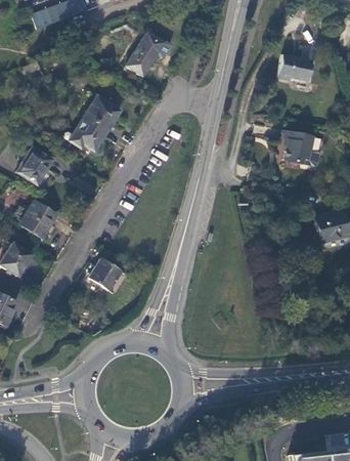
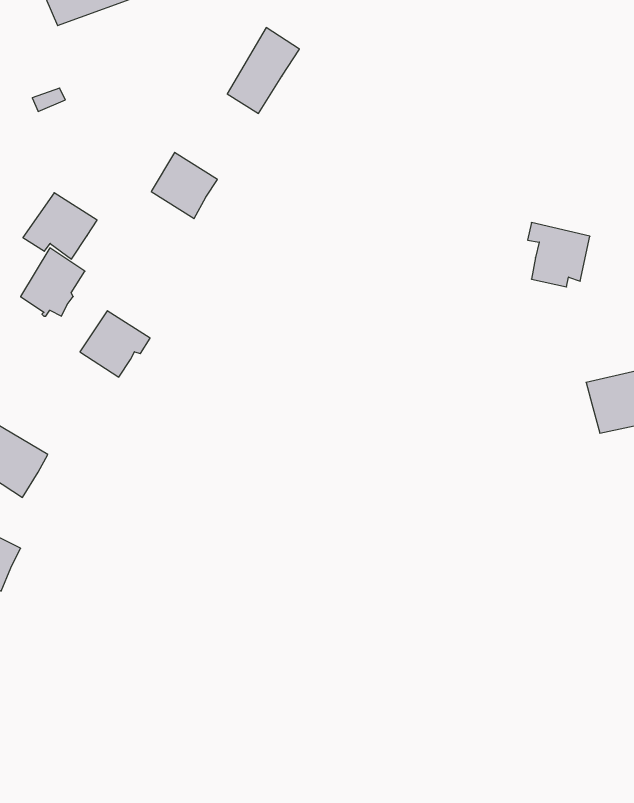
building: [276,55,312,82] -> none
building: [70,116,108,151] -> [23,193,97,259]
building: [19,201,56,236] -> [80,311,150,377]
building: [89,257,122,290] -> none

